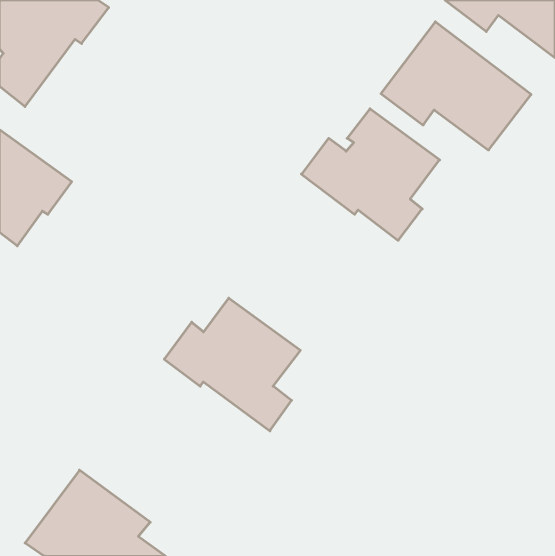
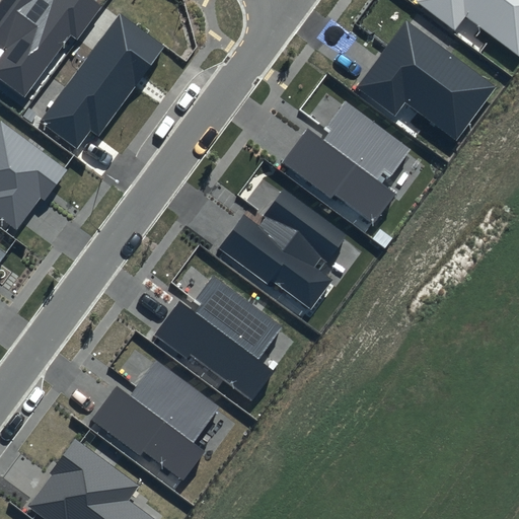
building: none -> [39,13,164,149]
building: none -> [216,188,347,309]
building: none -> [90,361,218,480]

